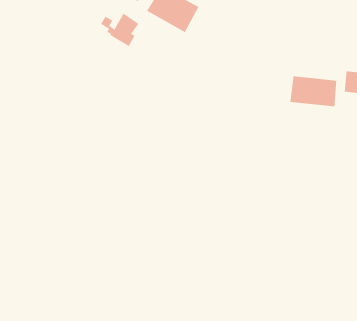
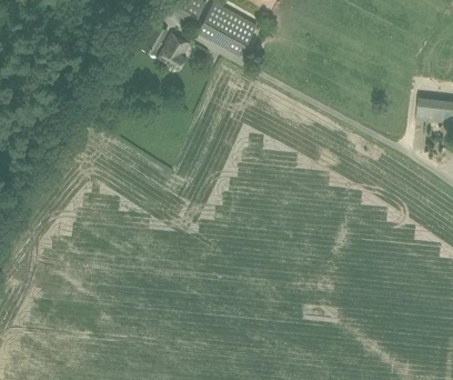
building: [290,76,337,107] -> none

